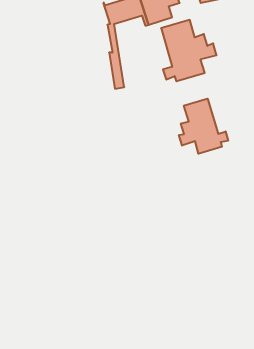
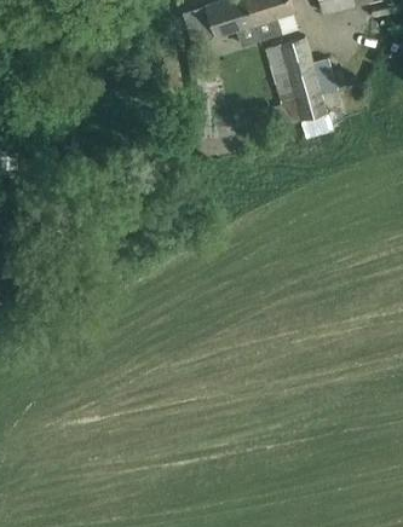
building: [179,99,228,154] -> none

